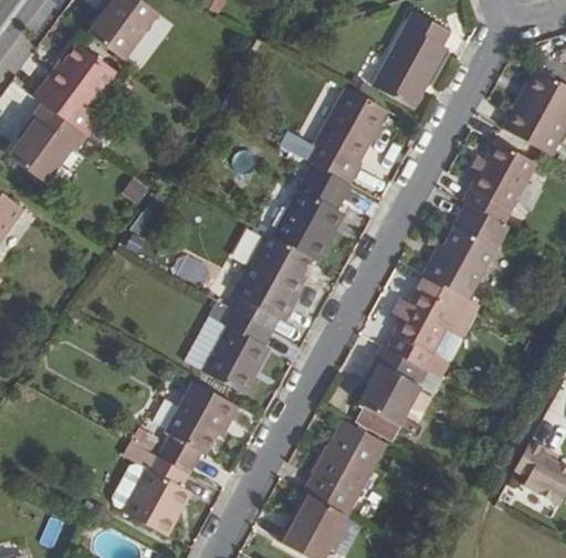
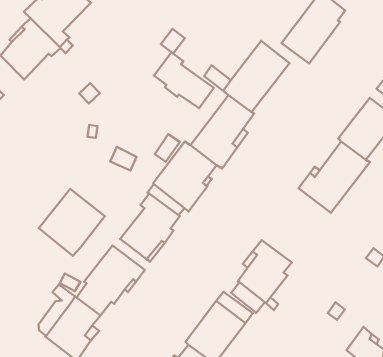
building: none -> [154,52,214,108]
building: [389,274,467,370] -> none
building: none -> [39,189,105,256]

